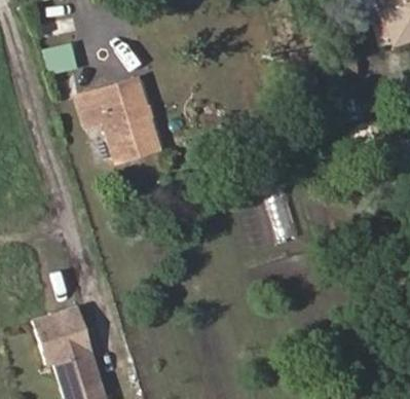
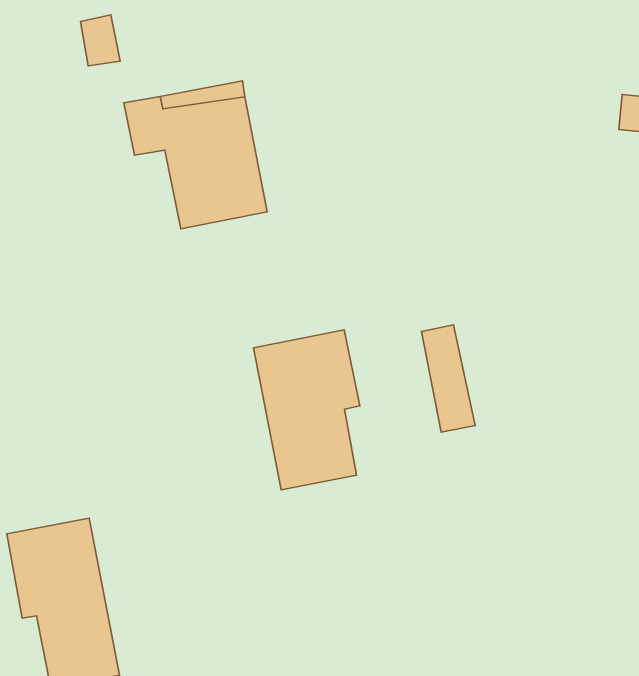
building: none -> [253,330,360,490]

